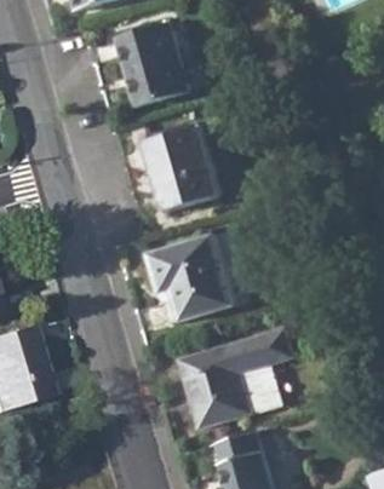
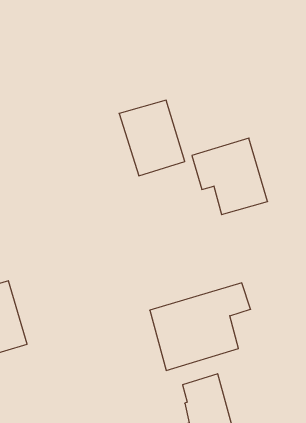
building: [114,23,185,108] -> none
building: [148,236,231,321] -> [192,138,268,215]

